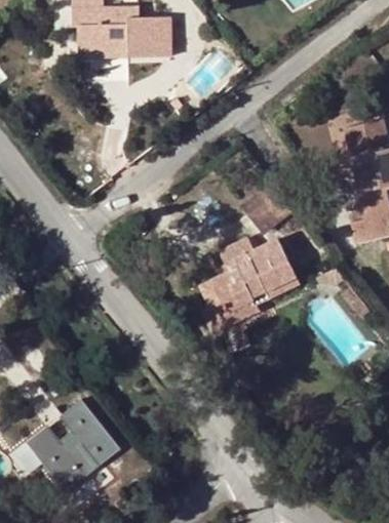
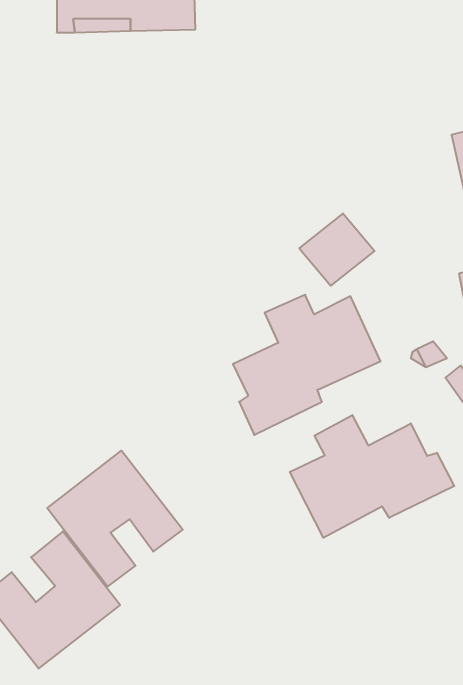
building: none -> [290,415,454,538]
building: none -> [47,451,183,587]

